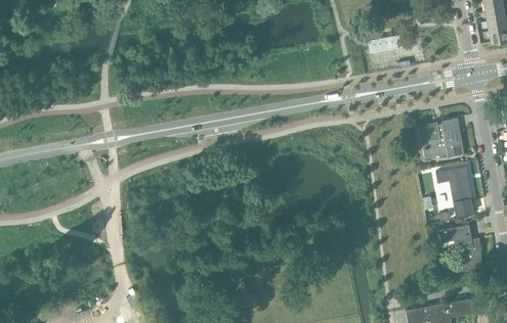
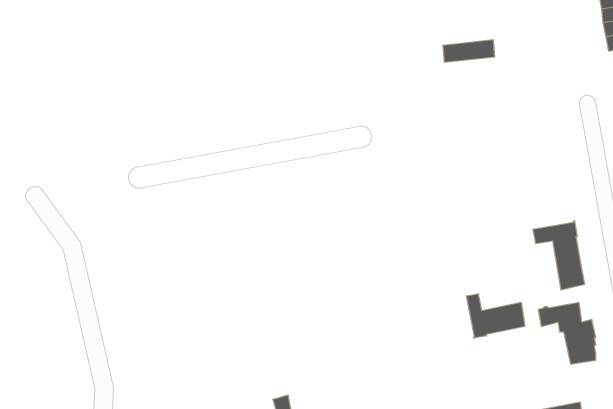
building: [418,118,464,157] -> none
building: none -> [467,294,525,338]

